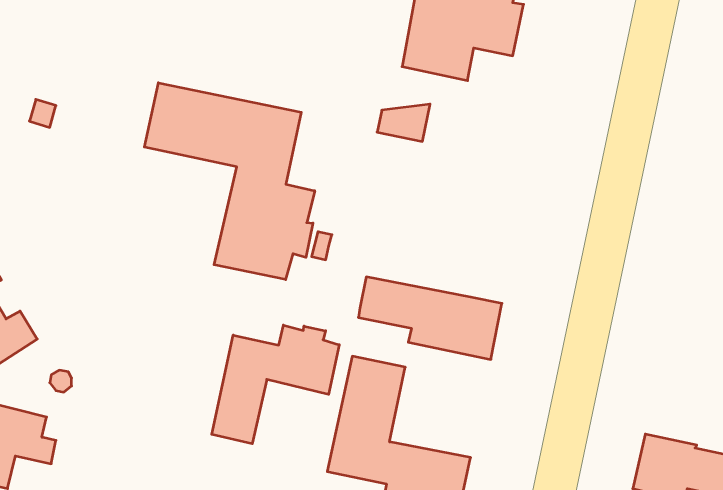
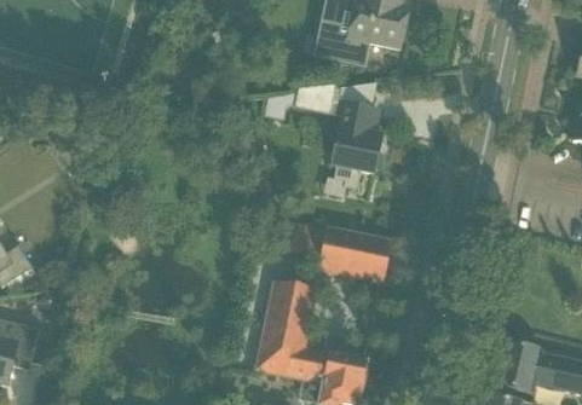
building: [144,83,315,280] -> none
building: none -> [328,100,381,172]
building: [212,325,339,444] -> none

